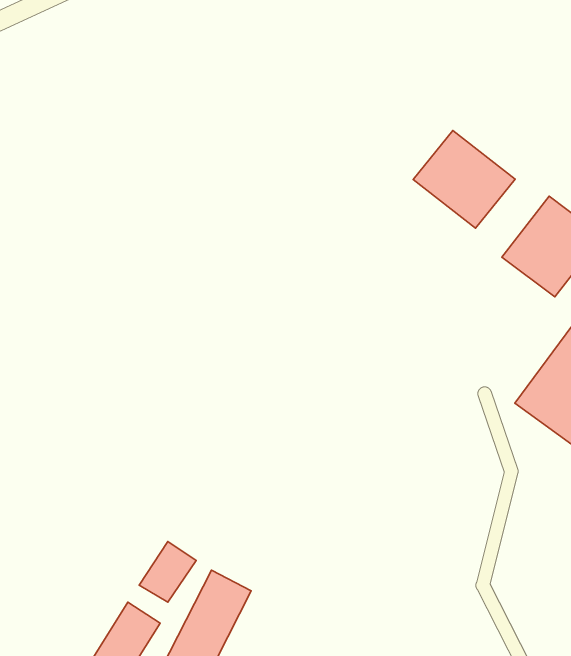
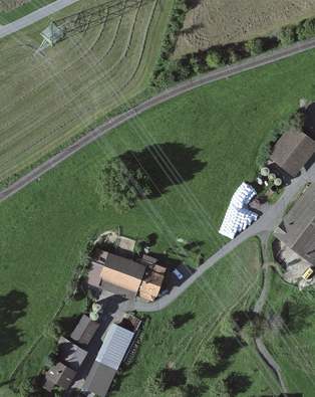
building: [413,131,515,228] -> none
building: none -> [89,251,162,302]

